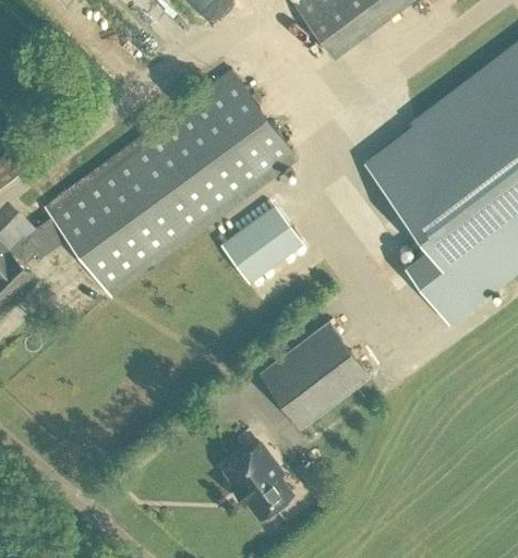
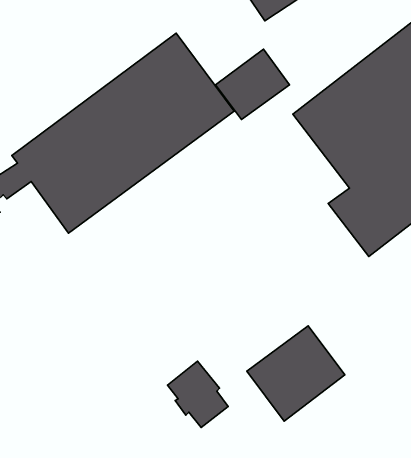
building: [220,205,304,284] -> [215,49,289,119]
building: [257,322,369,429] -> [247,326,345,421]

